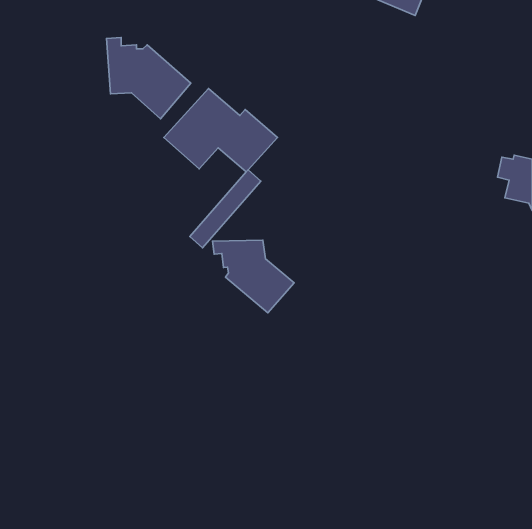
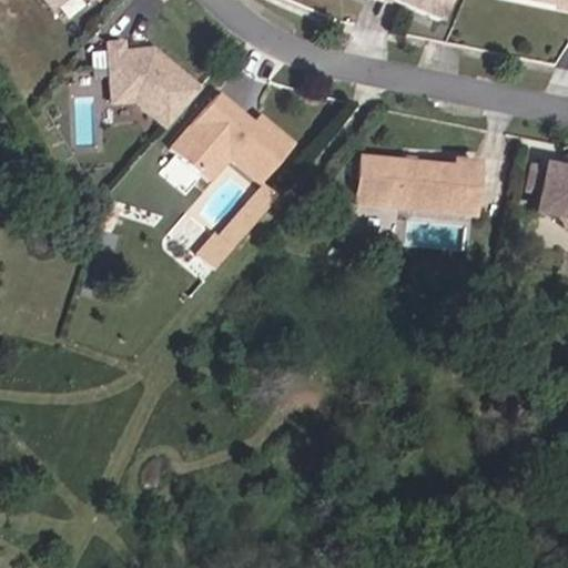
building: none -> [355,158,475,213]
building: [213,240,294,313] -> none

